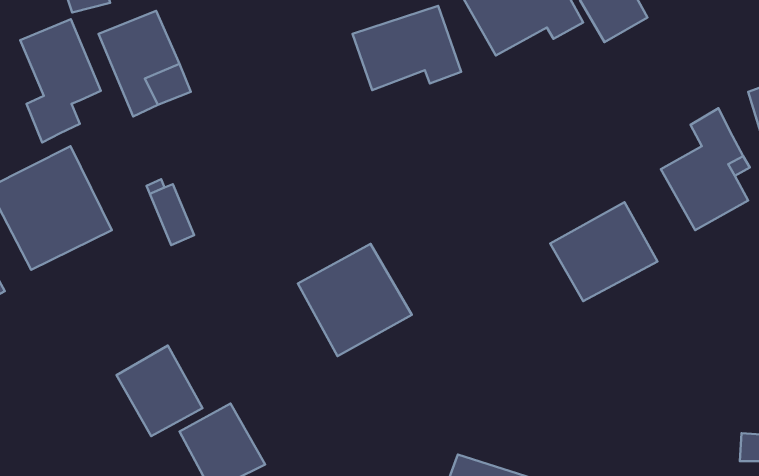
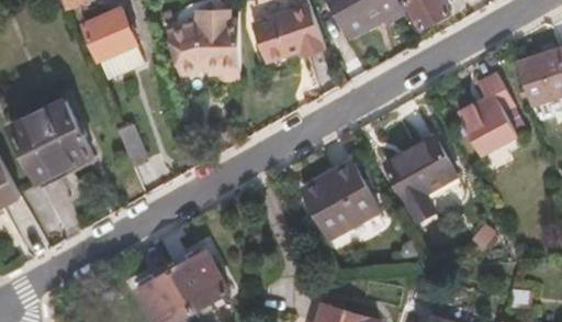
building: [20,19,101,142] -> none
building: none -> [168,19,239,80]
building: [298,244,412,356] -> [303,163,379,237]
building: [117,346,202,436] -> [171,251,228,311]

